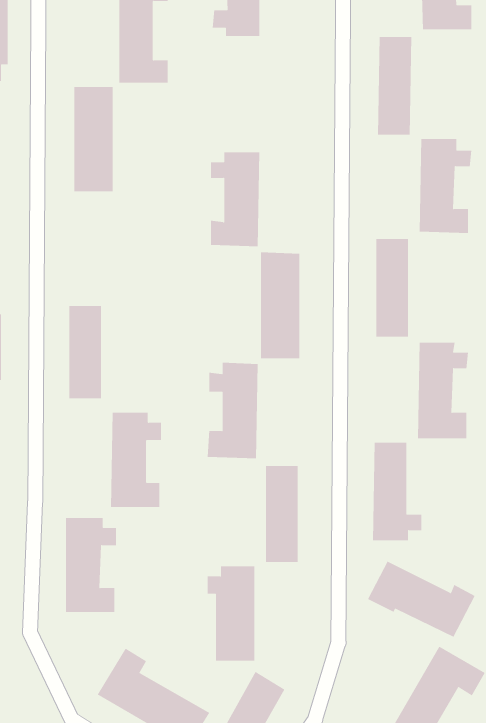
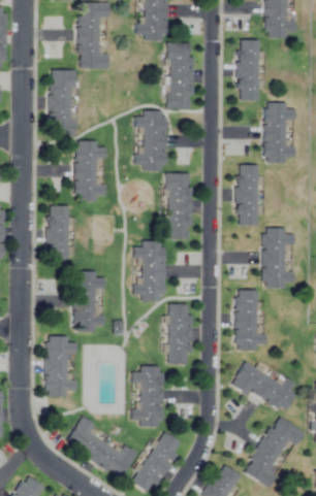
building: none -> [167,43,192,109]
building: none -> [75,141,107,202]

